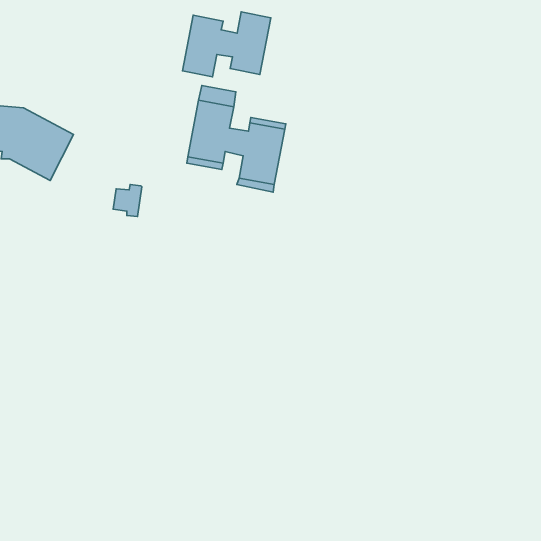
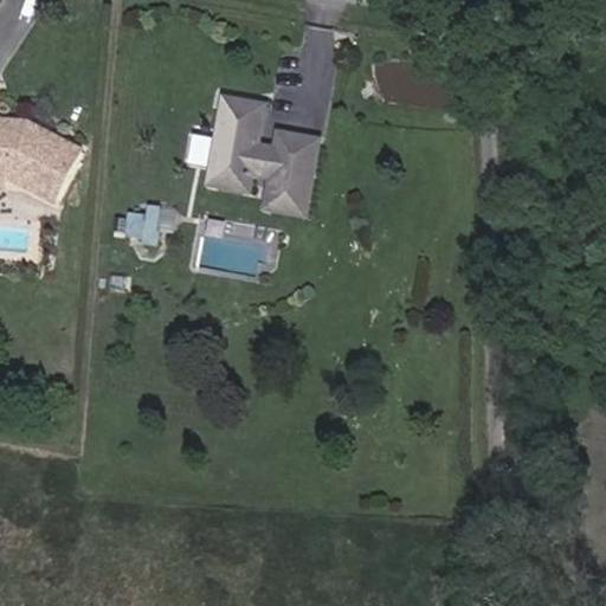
building: [183,12,271,77] -> none

